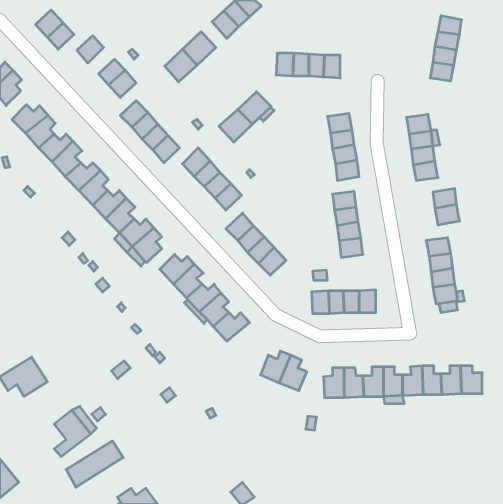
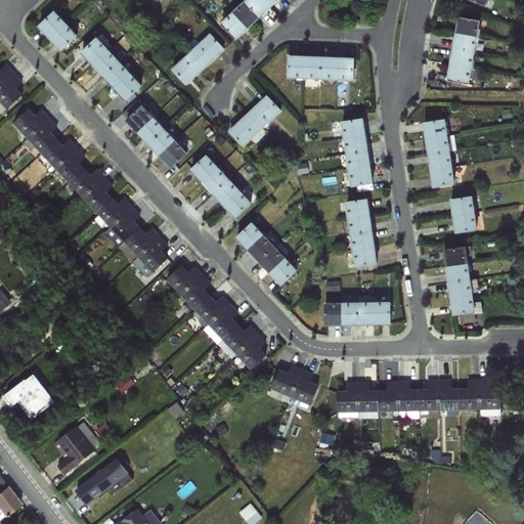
building: none -> [91,49,119,77]
building: none -> [235,335,266,369]

